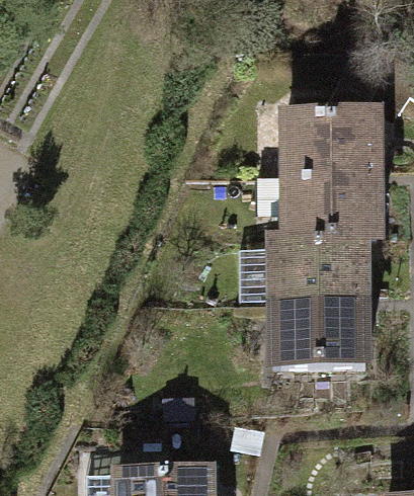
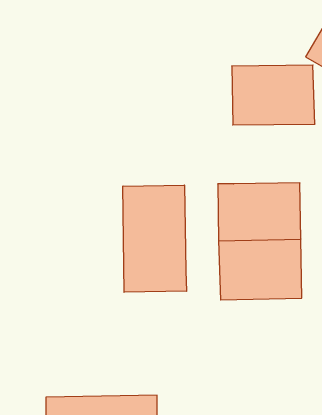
building: [288,177,379,242] -> none
building: none -> [123,185,187,292]

